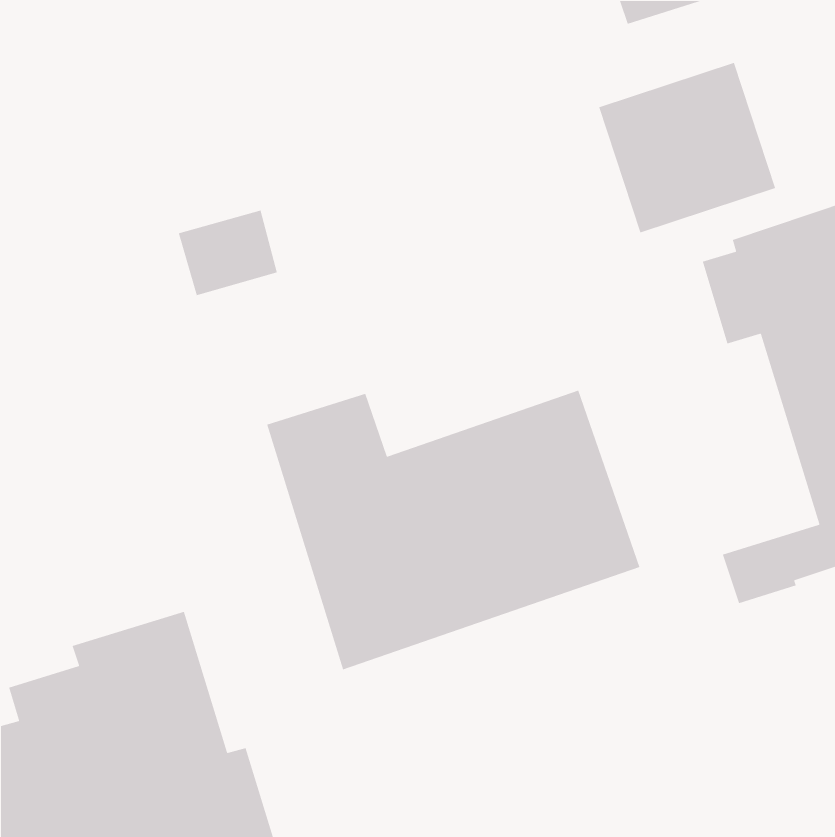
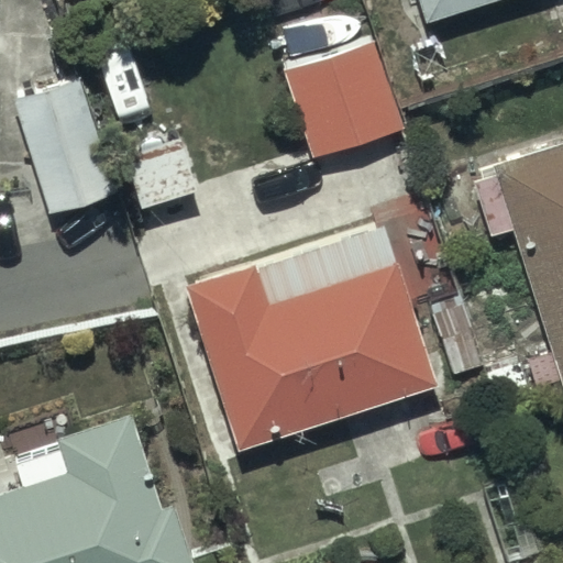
building: [598,62,776,233] -> [287,43,405,156]
building: none -> [14,79,113,213]

